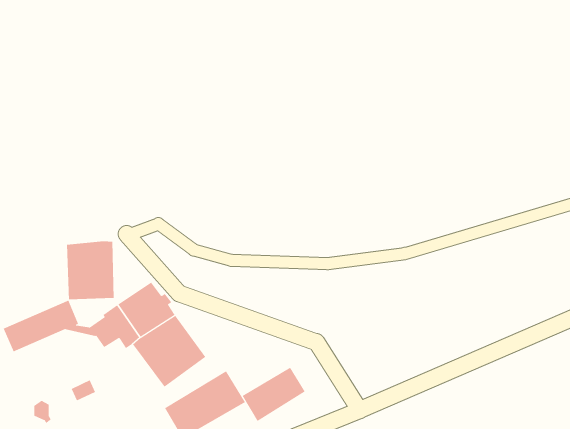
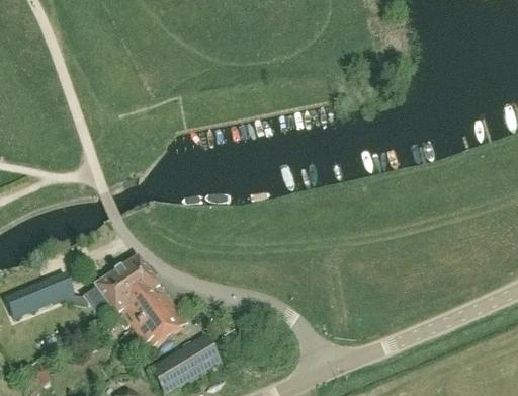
building: [67,240,114,300] -> none
building: [242,367,305,422] -> none

